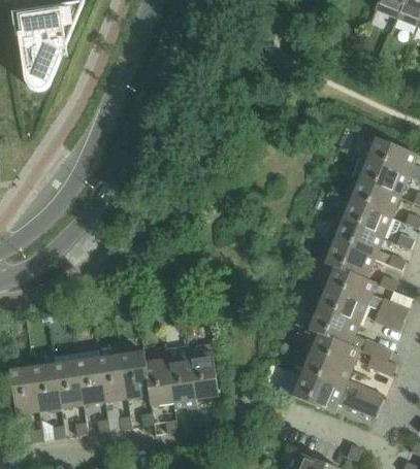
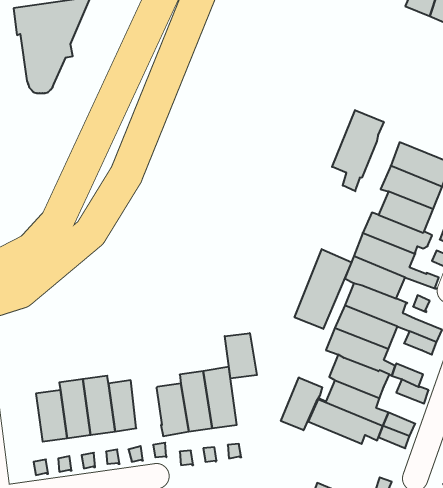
building: none -> [332,110,384,191]
building: none -> [295,249,351,329]
building: none -> [225,333,257,378]
building: [122,351,151,399] -> none
building: none -> [281,377,322,430]
building: [10,367,40,414] -> none

